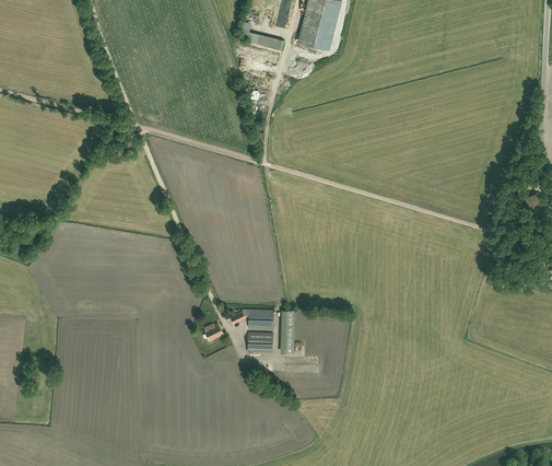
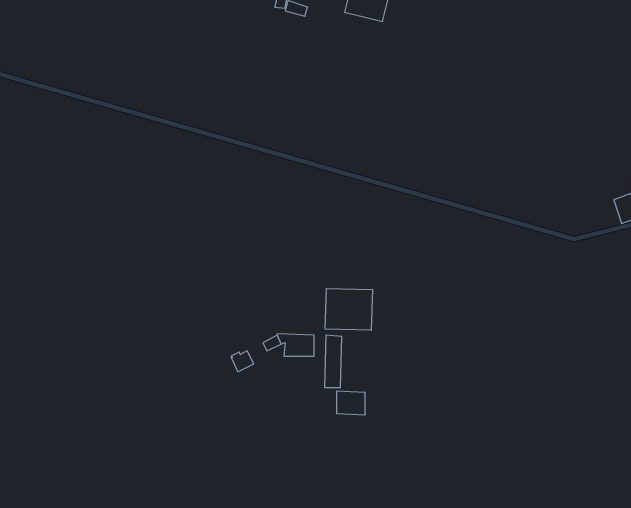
building: none -> [325,288,373,330]
building: [248,331,272,351] -> [336,391,365,415]

